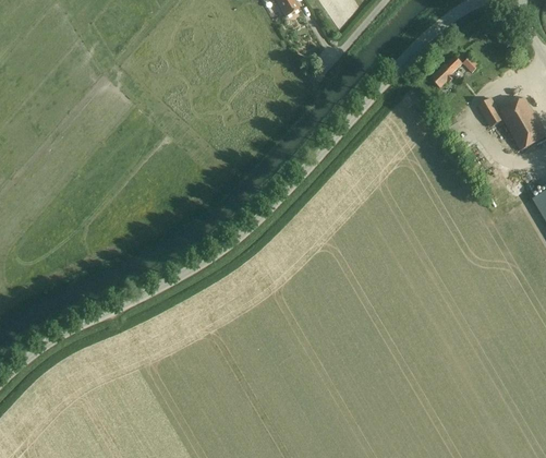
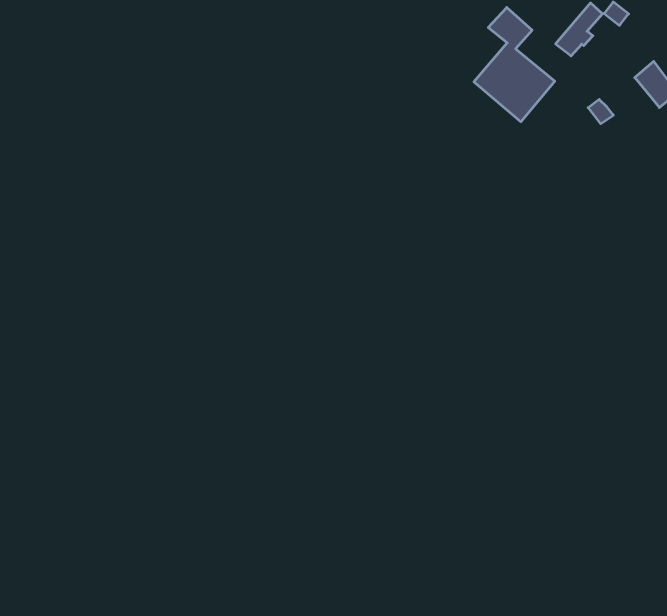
building: none -> [474,7,555,122]

